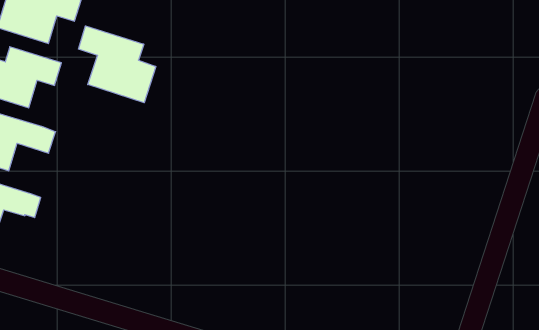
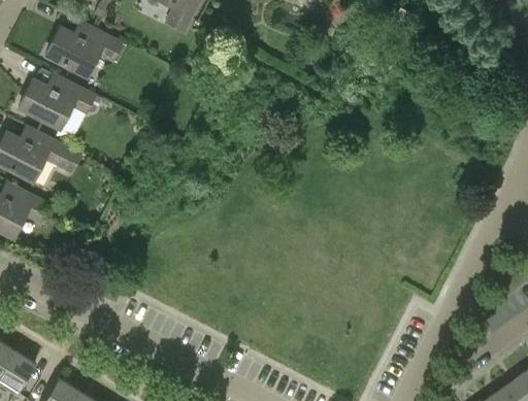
building: [78,26,156,103] -> none

